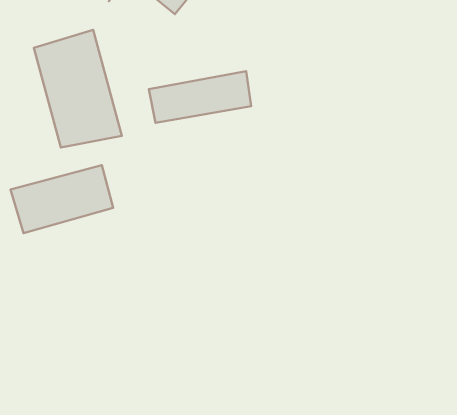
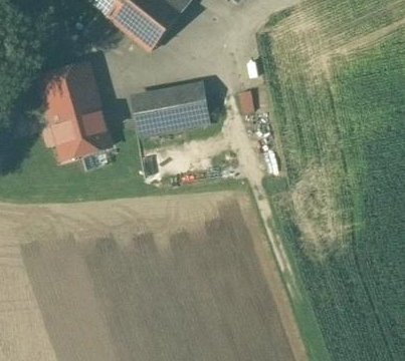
building: [11,165,113,233] -> none

